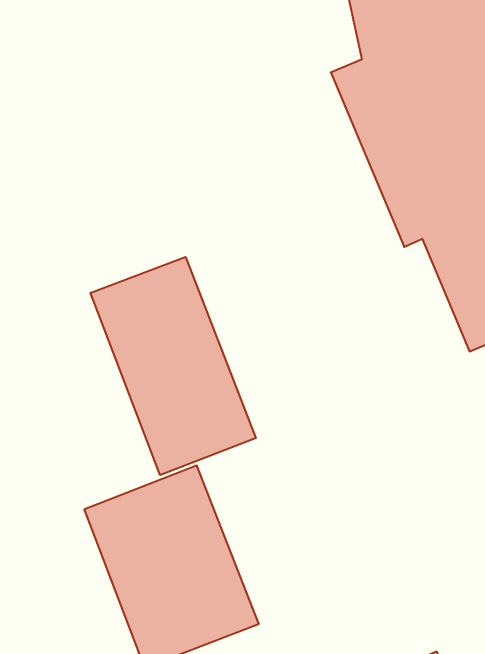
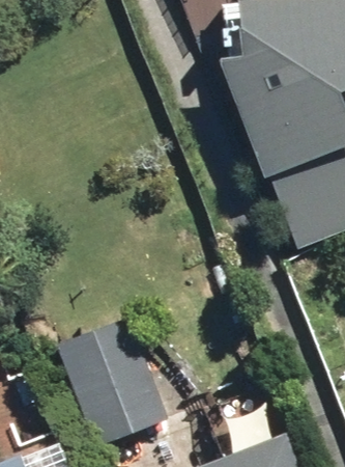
building: [91,257,256,475] -> none

